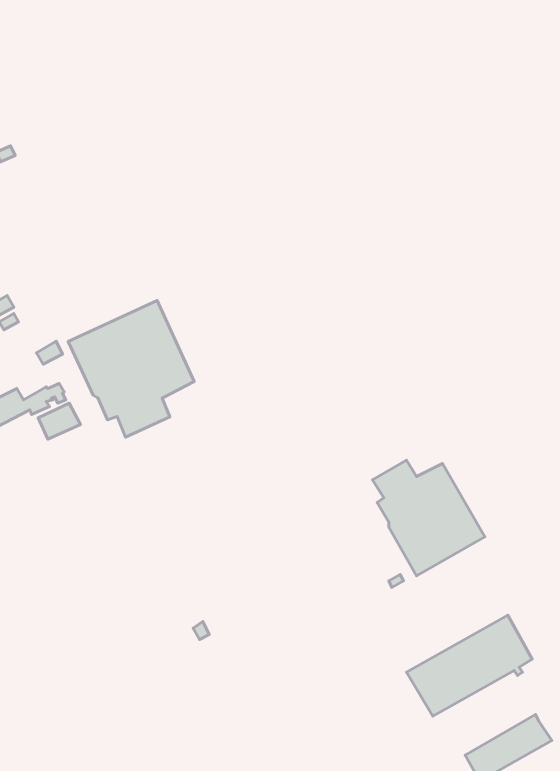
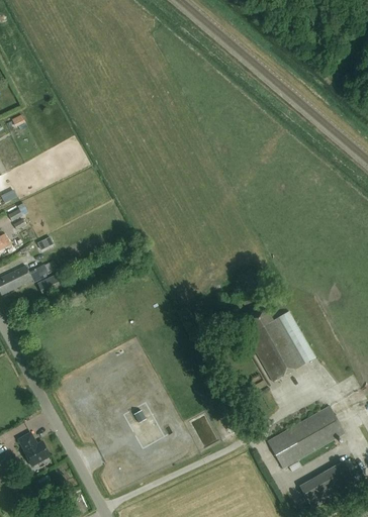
building: [68,300,194,437] -> none
building: none -> [18,432,50,466]

